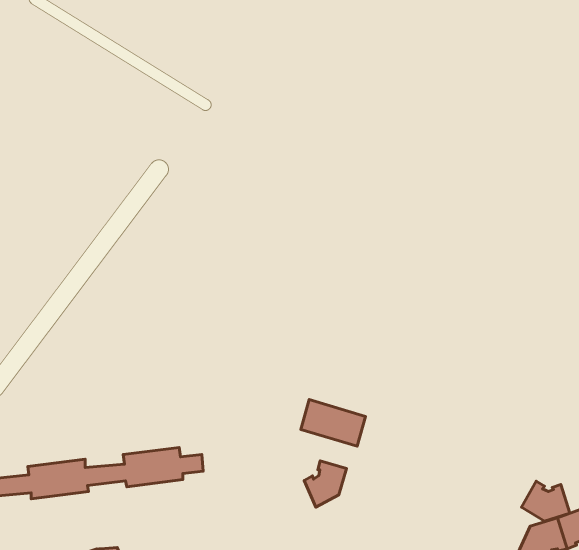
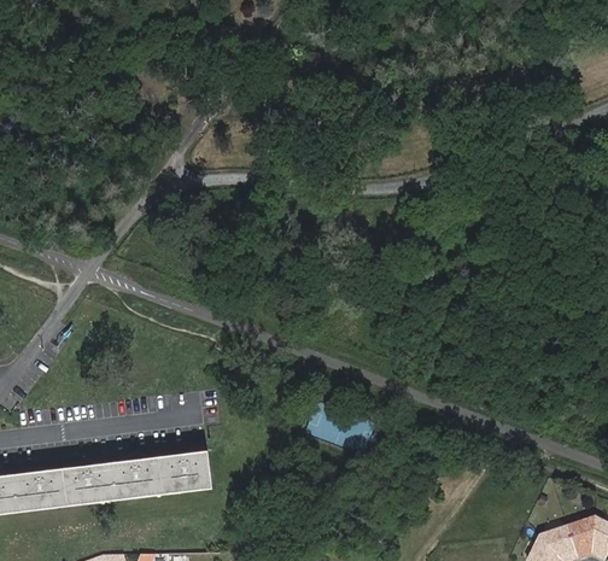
building: [304,461,347,507] -> none
building: [522,481,570,521] -> none

